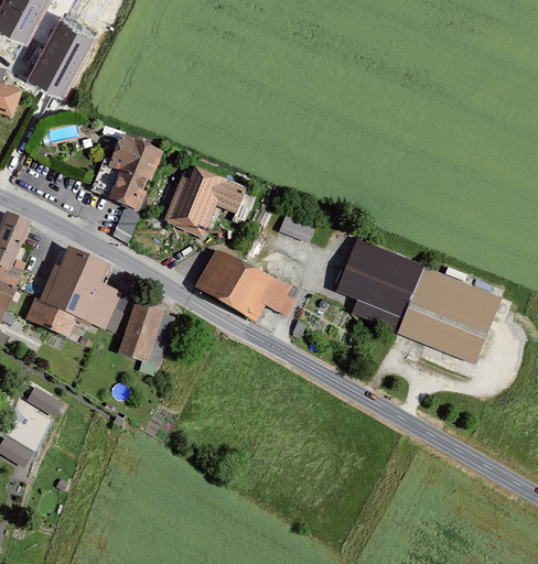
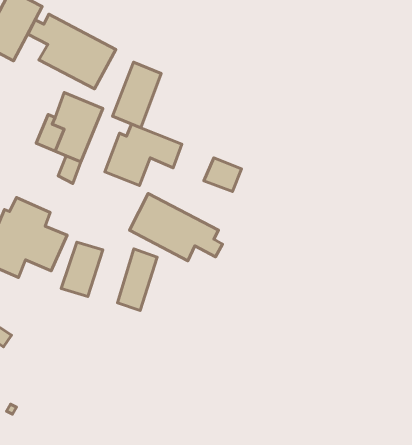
building: none -> [28,14,116,89]
building: none -> [112,62,161,128]
building: [335,239,503,365] -> none
building: none -> [117,249,157,311]

